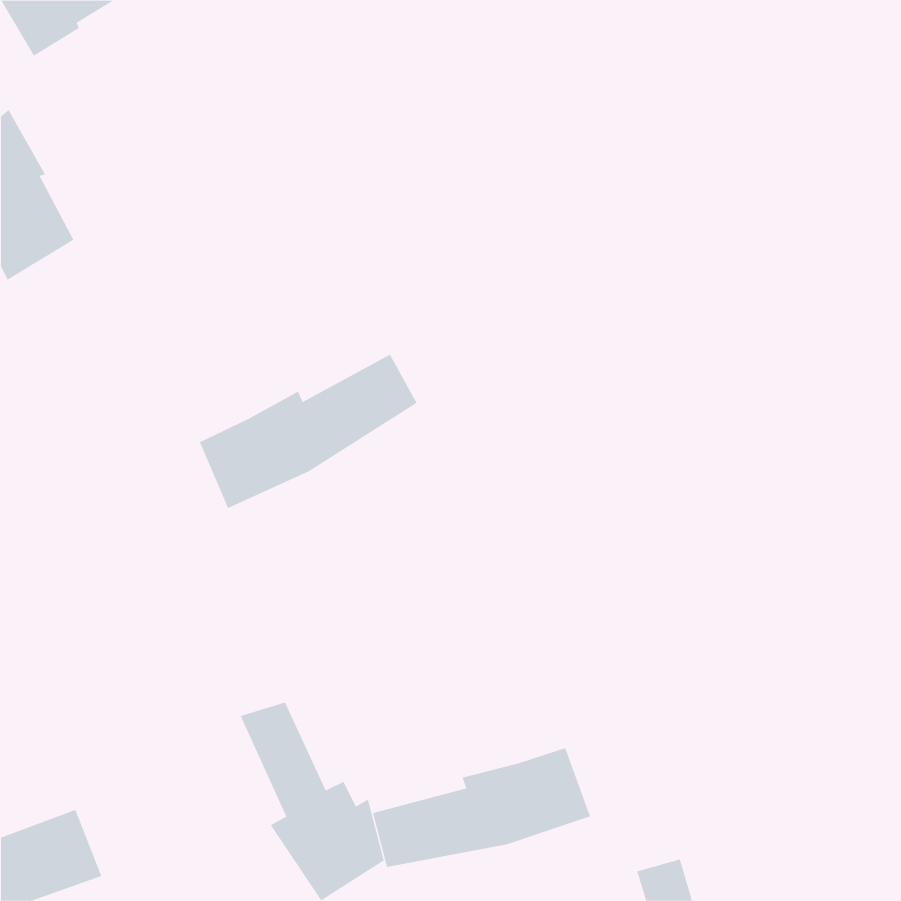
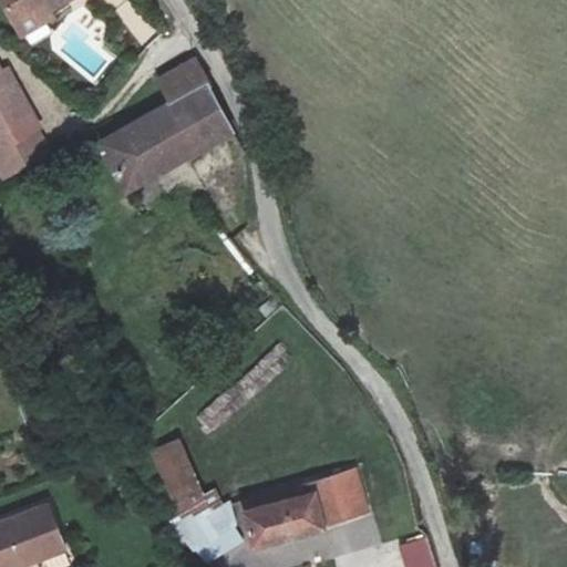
building: none -> [95,61,224,190]
building: [199,354,417,509] -> none

